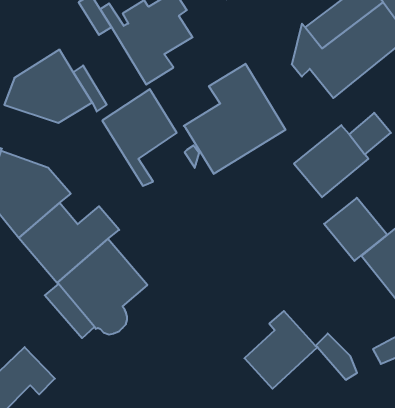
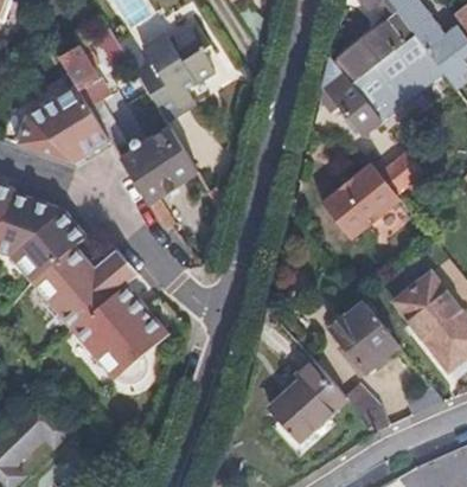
building: none -> [58,45,109,108]
building: [184,64,285,174] -> none
building: [324,198,387,261] -> [331,303,397,370]

